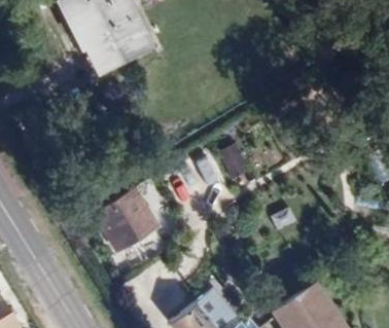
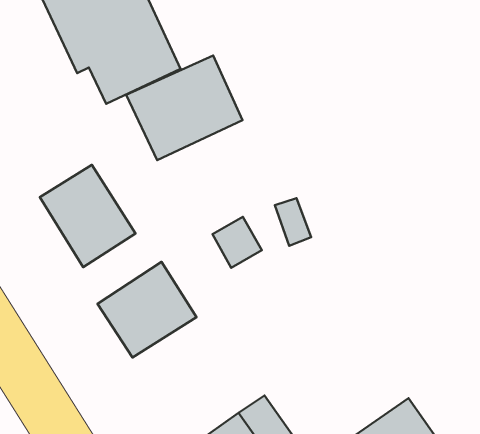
building: none -> [126,56,243,160]
building: none -> [40,165,135,267]

